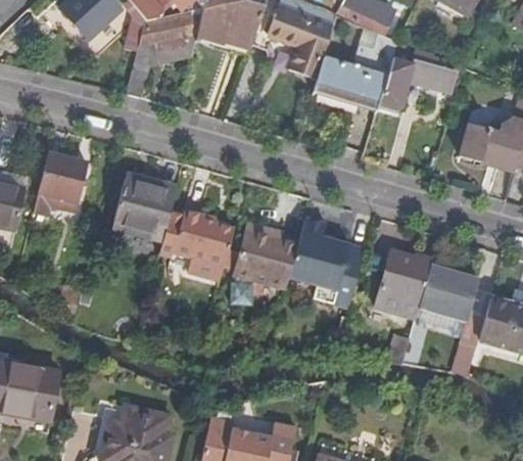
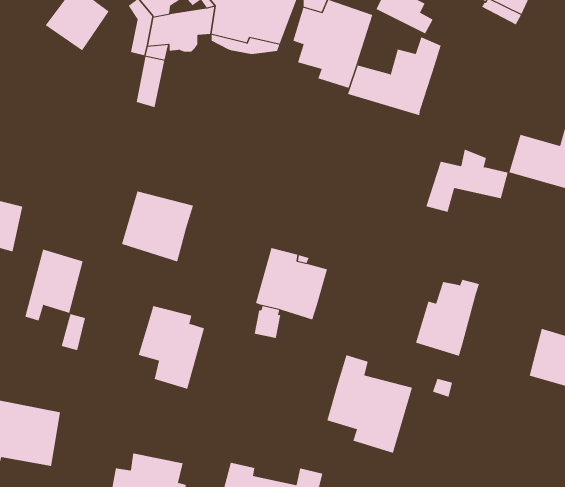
building: [382,48,457,105] -> [425,149,508,212]
building: [33,152,86,218] -> [24,249,84,321]
building: [173,205,233,281] -> [138,305,205,389]
building: [289,217,367,306] -> [327,355,413,453]
building: [420,266,485,376] -> none

